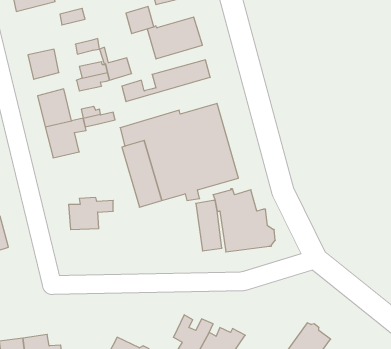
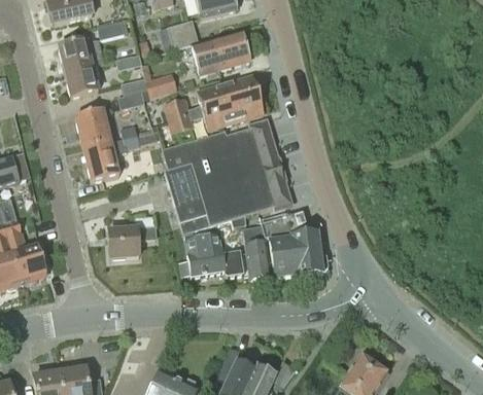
building: none -> [59,40,93,71]
building: none -> [169,95,264,133]
building: none -> [180,234,244,275]

